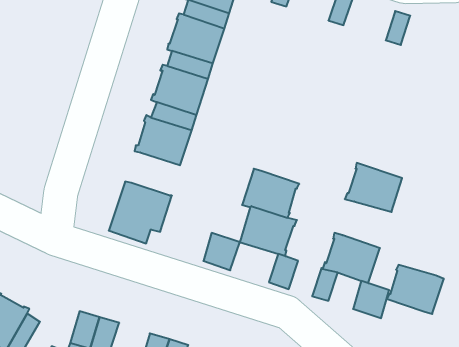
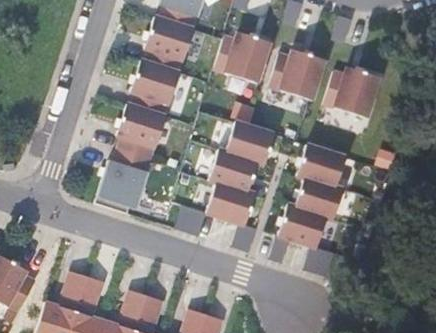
building: none -> [215,31,270,81]
building: none -> [270,49,325,99]
building: none -> [325,66,380,116]
building: none -> [226,121,275,165]
building: none -> [114,135,156,172]
building: [387,265,444,314] -> [295,177,344,219]

